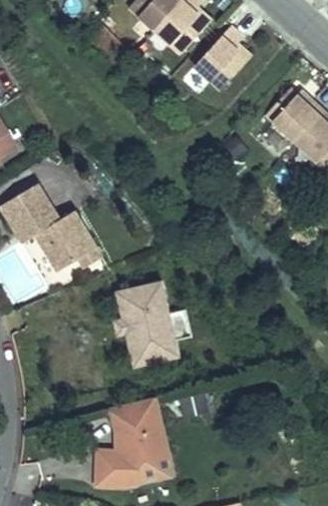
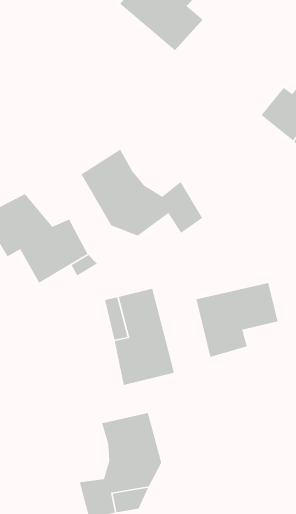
building: [202,22,255,87] -> none
building: none -> [80,148,203,237]
building: none -> [195,282,279,358]

